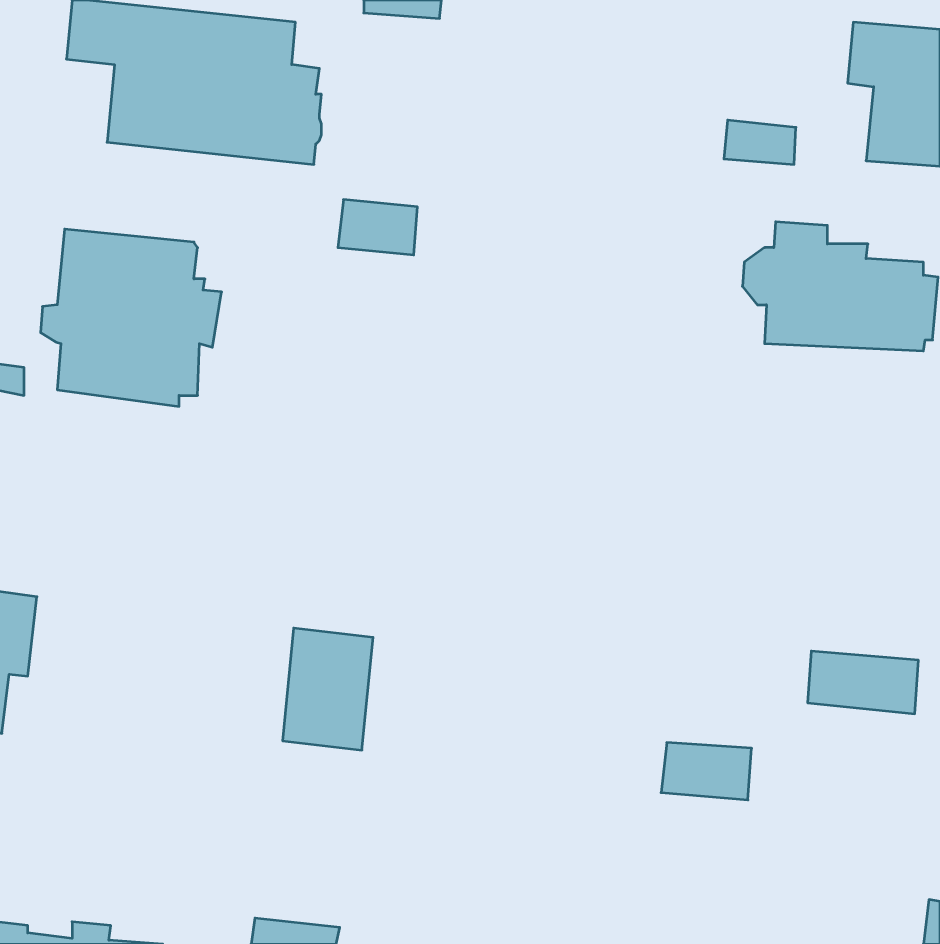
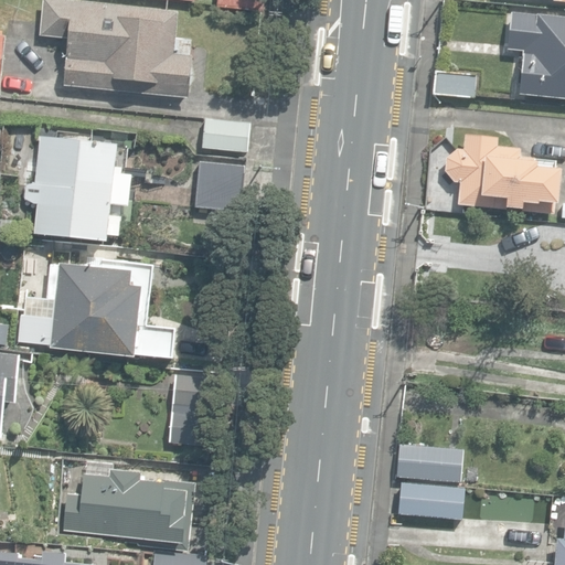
building: none -> [194,162,243,212]
building: none -> [18,260,174,359]
building: [808,651,918,714] -> [398,482,465,520]
building: none -> [62,468,194,550]

